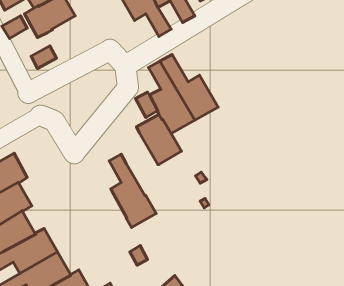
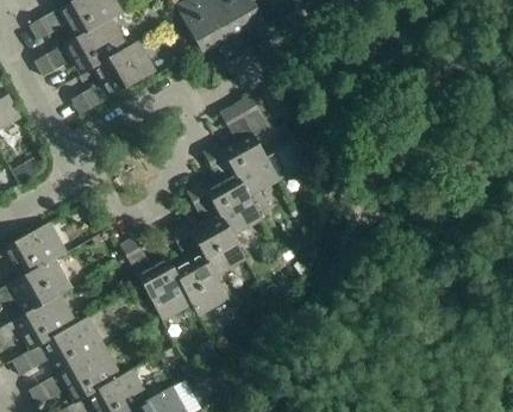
building: none -> [92,39,156,98]
building: none -> [187,182,245,274]
building: none -> [120,236,193,319]

